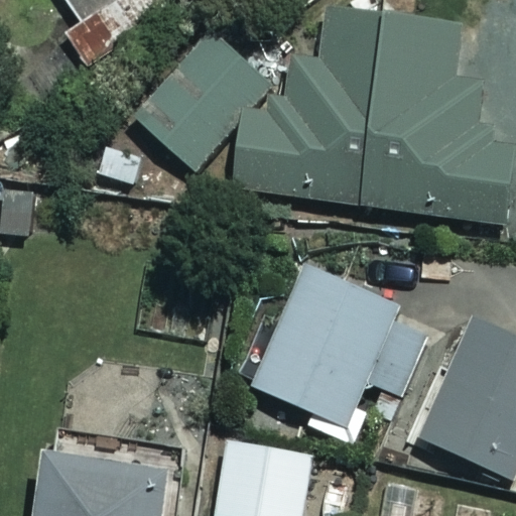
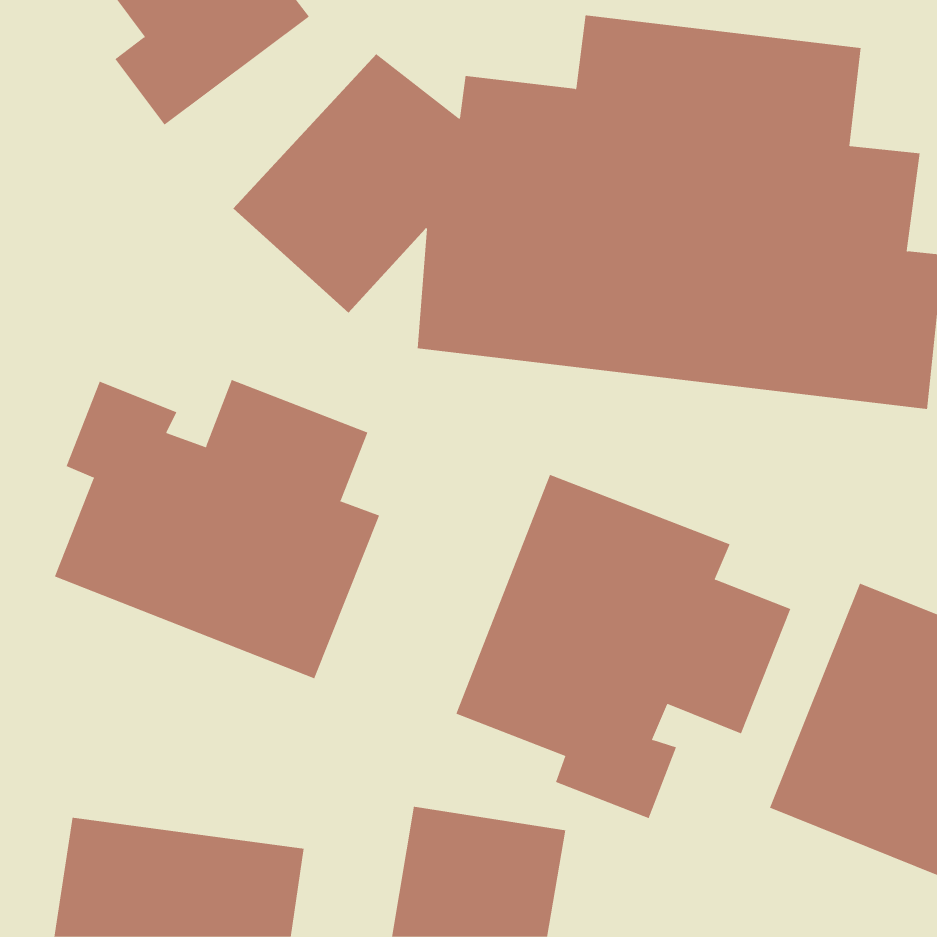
building: none -> [54,379,380,679]

